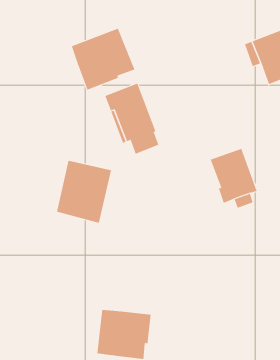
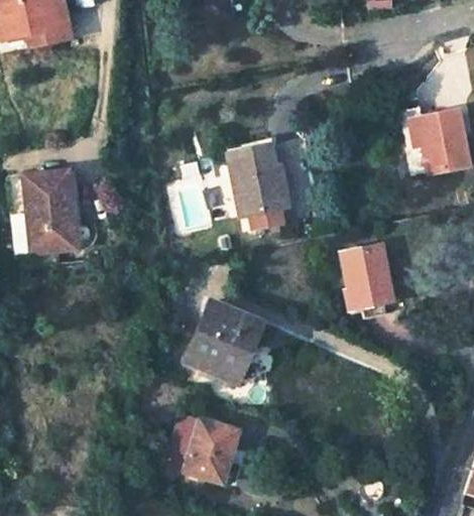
building: [71,28,135,90] -> none
building: [56,160,112,224] -> [187,299,263,383]

